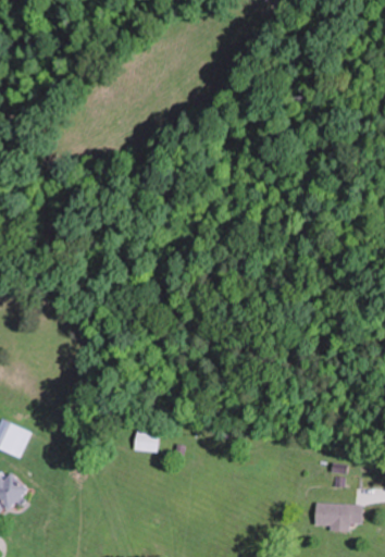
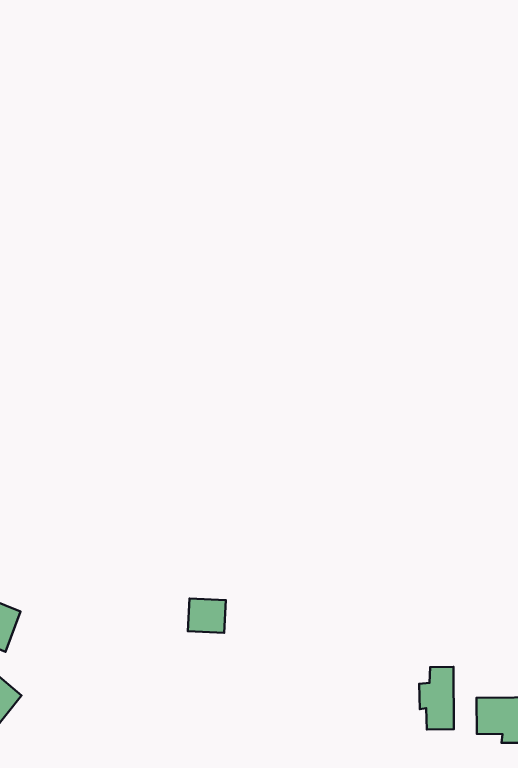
building: none -> [419,667,454,729]

